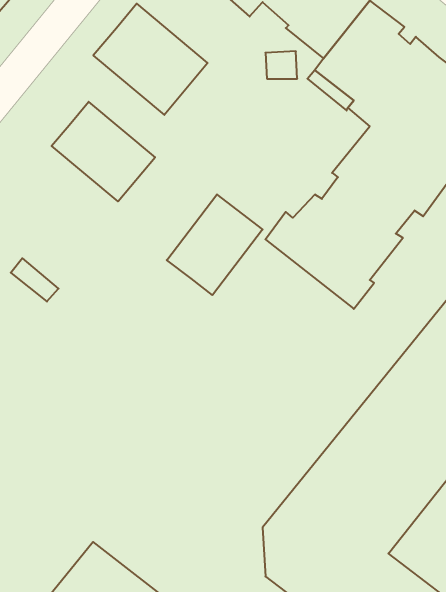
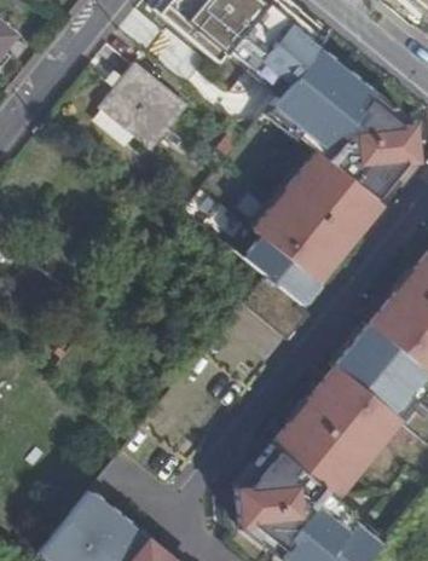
building: [52,102,155,201] -> none
building: [167,194,263,295] -> none

